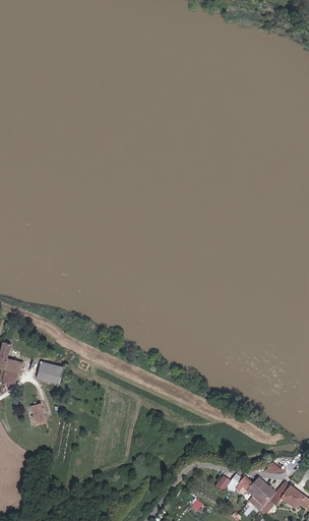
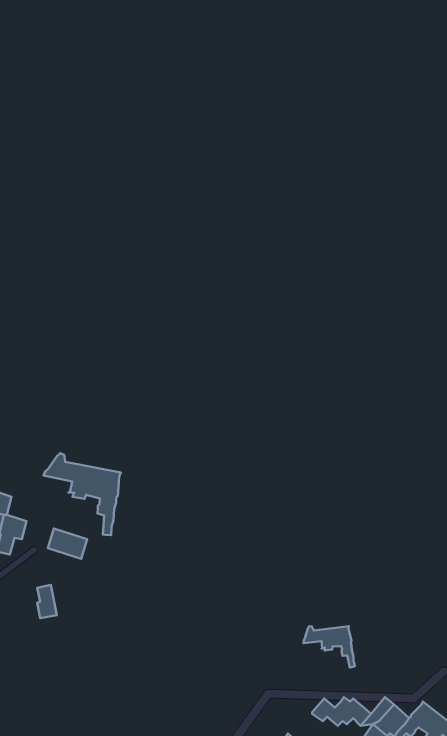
building: none -> [44,453,121,535]
building: none -> [304,626,355,668]

